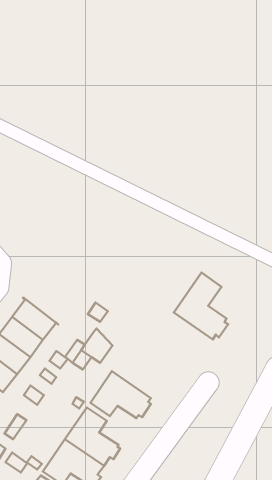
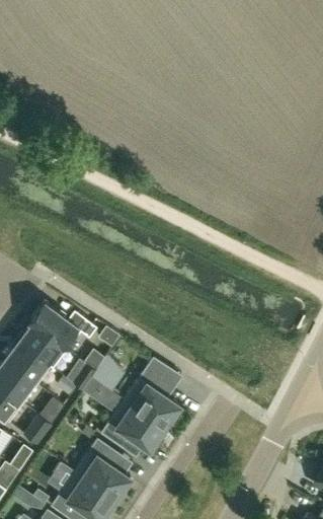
building: [174,273,228,339] -> [123,358,180,429]
building: none -> [29,303,96,351]

